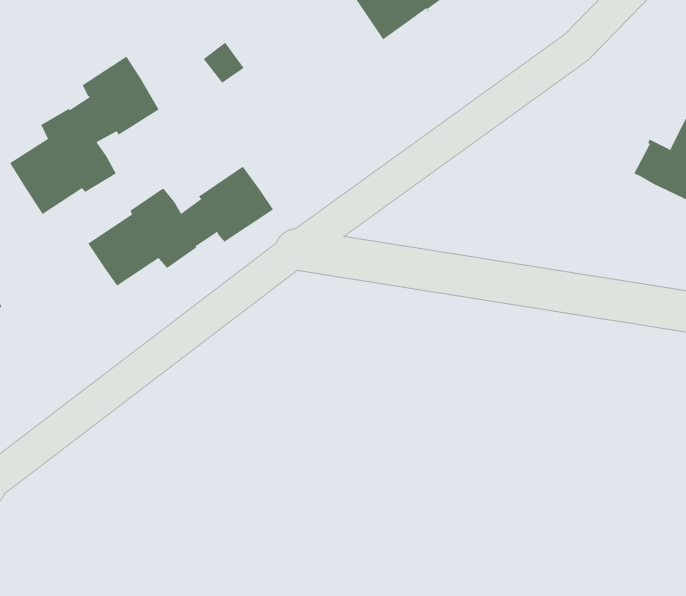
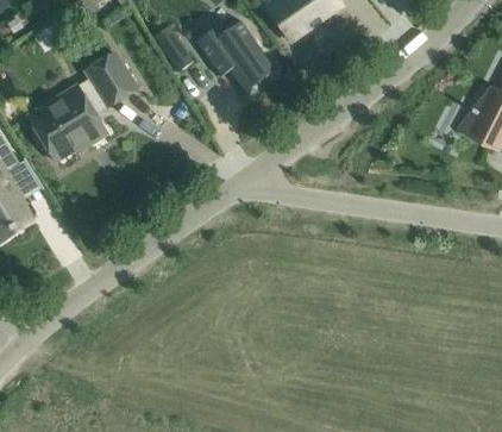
building: none -> [195,19,275,90]
building: [87,166,274,287] -> none

